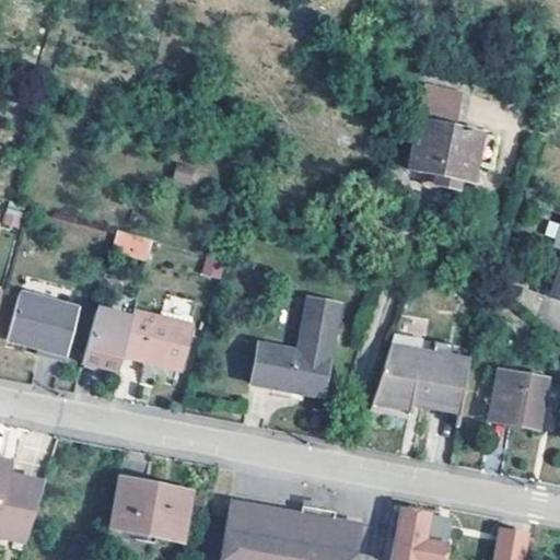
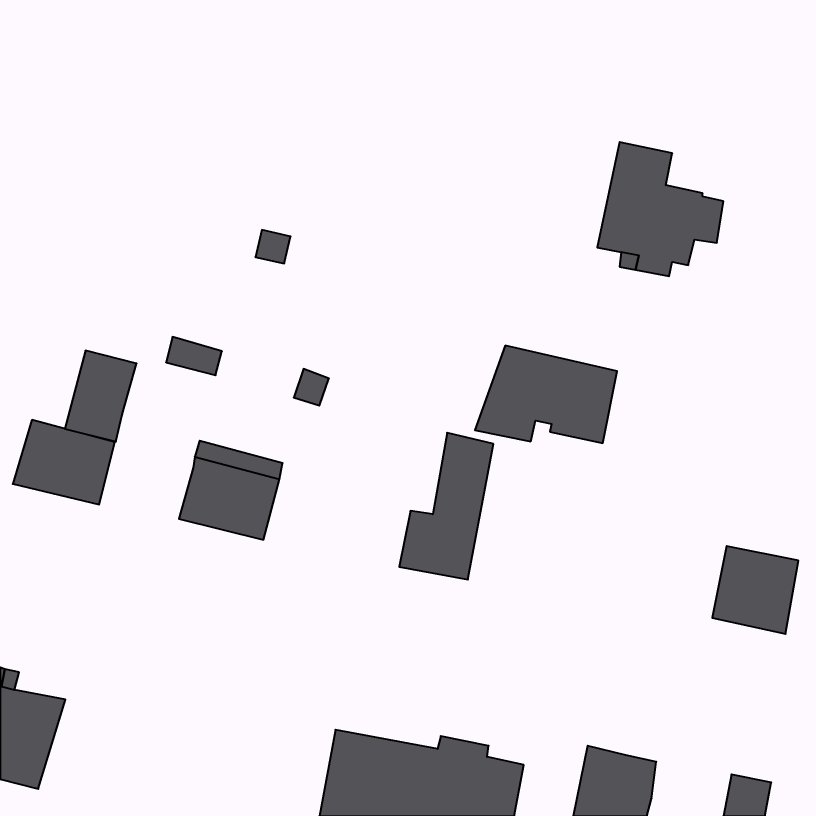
building: [83,312,132,374] -> [65,351,137,442]
building: [249,346,281,388] -> none
building: [371,346,468,412] -> [475,346,617,443]
building: [113,483,191,542] -> none

